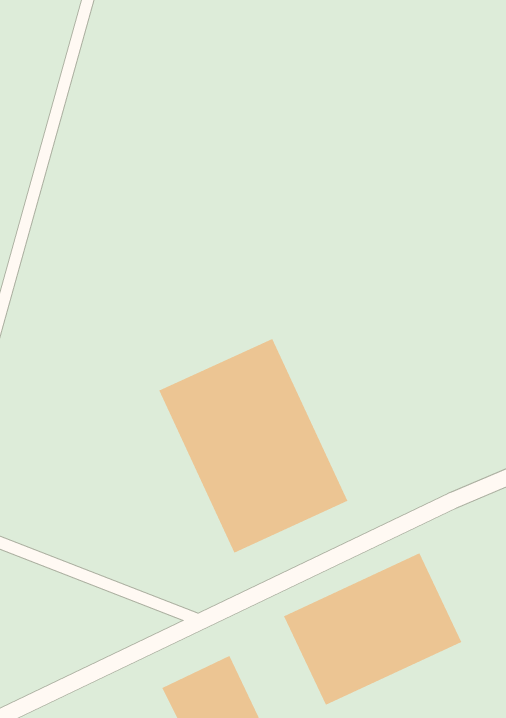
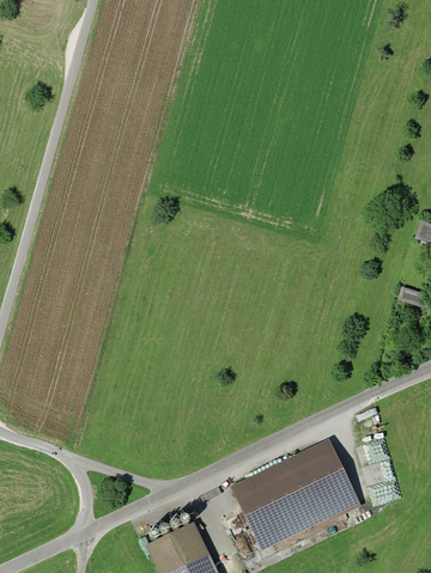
building: [158,338,348,553] -> none

